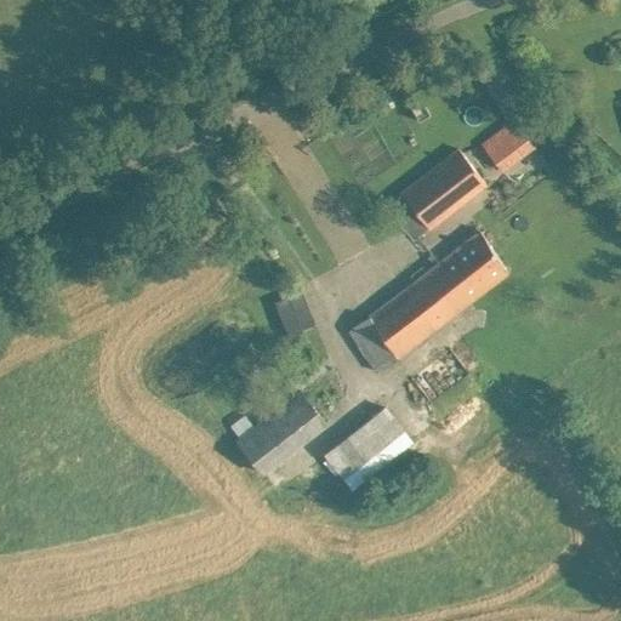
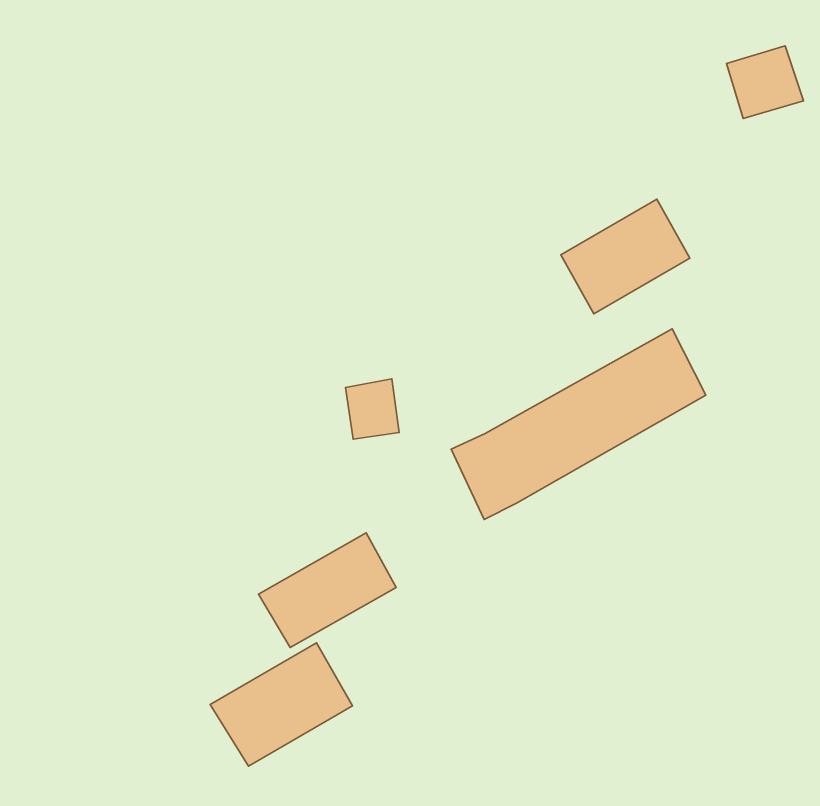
building: [482,121,535,172] -> [726,46,804,118]
building: [321,406,414,492] -> [210,643,352,766]

